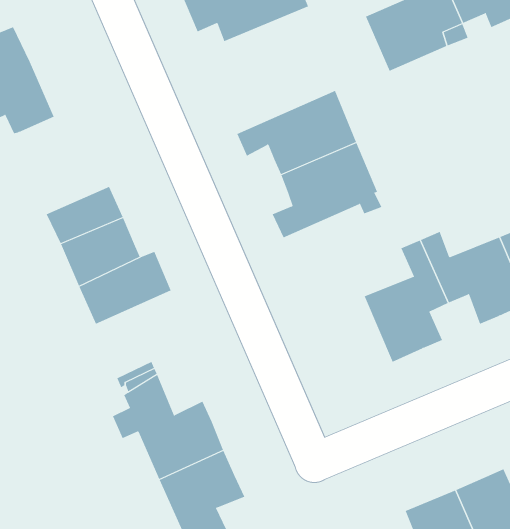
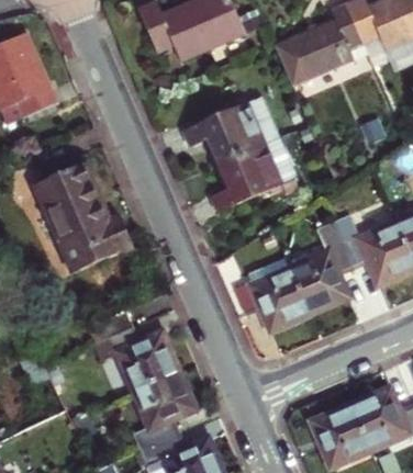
building: none -> [234,250,308,324]

